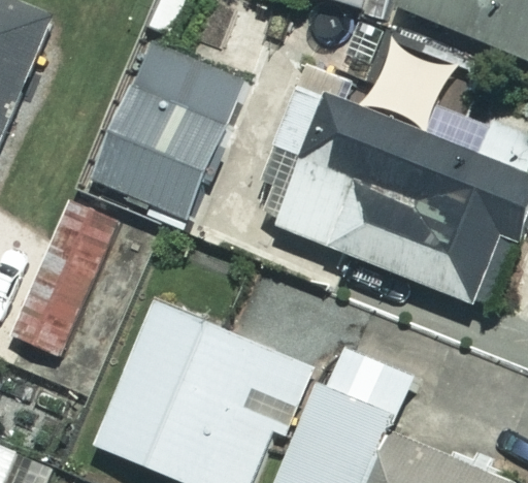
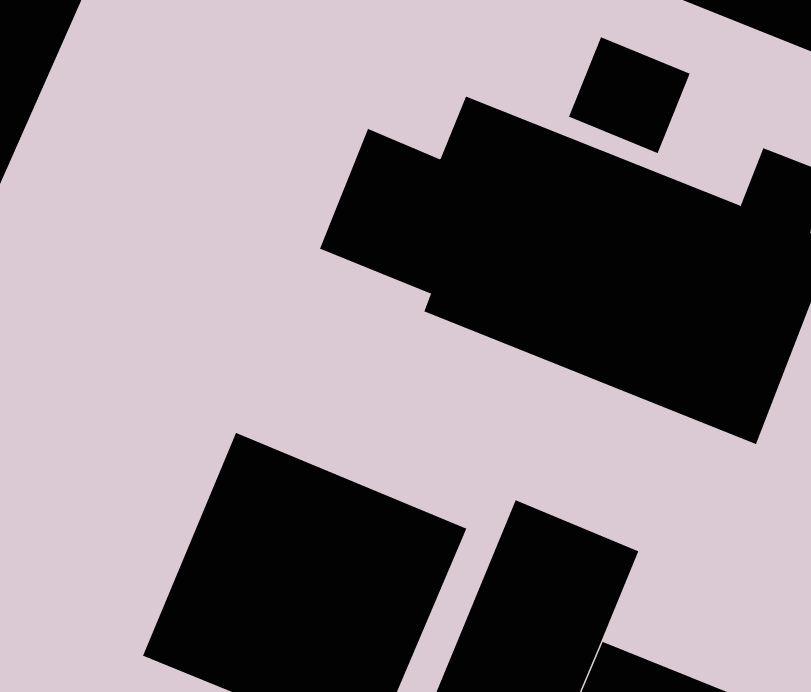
building: [88,40,246,223] -> none
building: [13,201,122,356] -> none

